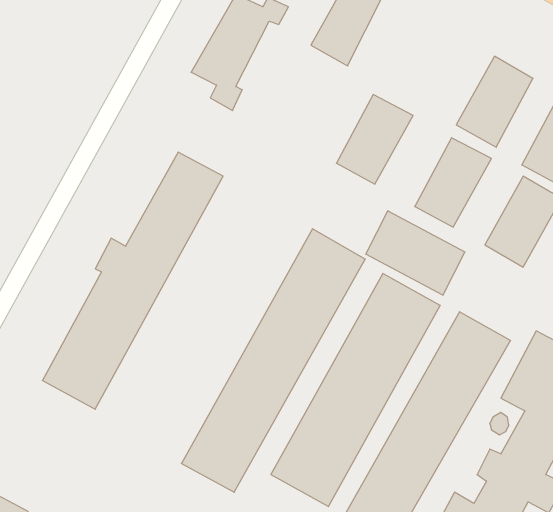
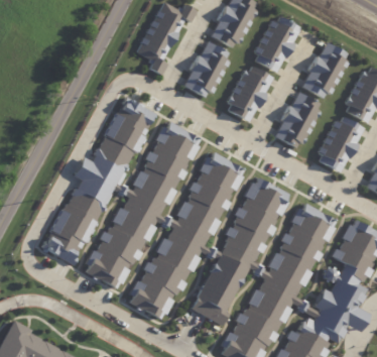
building: none -> [250,14,298,72]
building: none -> [182,40,227,96]
building: none -> [84,120,200,286]
building: [366,211,465,295] -> none

